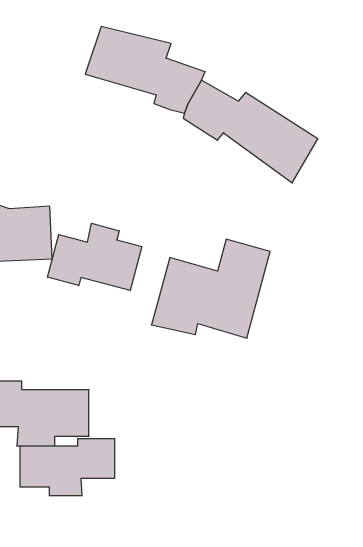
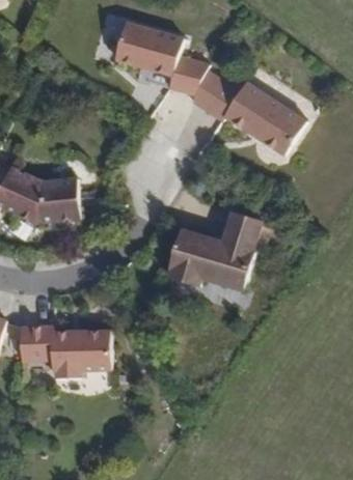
building: [47,223,142,291] -> none
building: [20,438,115,496] -> none

